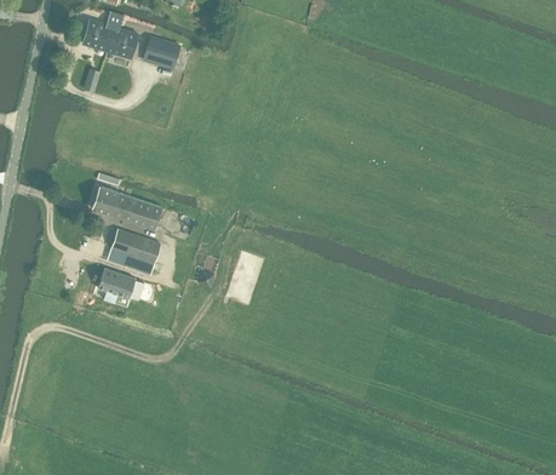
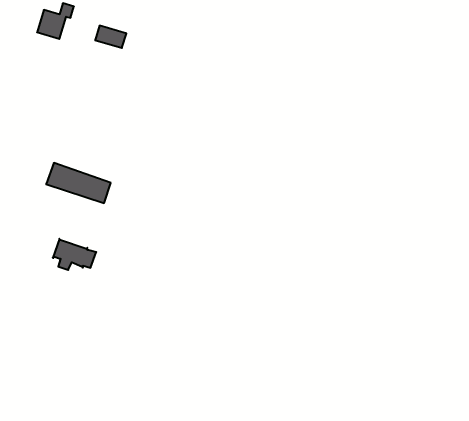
building: [107,27,138,58] -> none
building: [108,230,160,273] -> none

